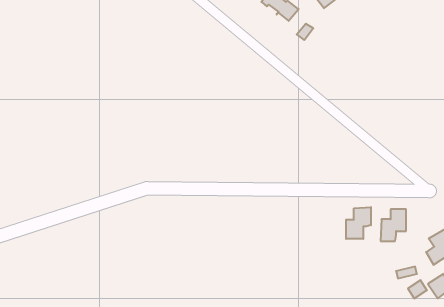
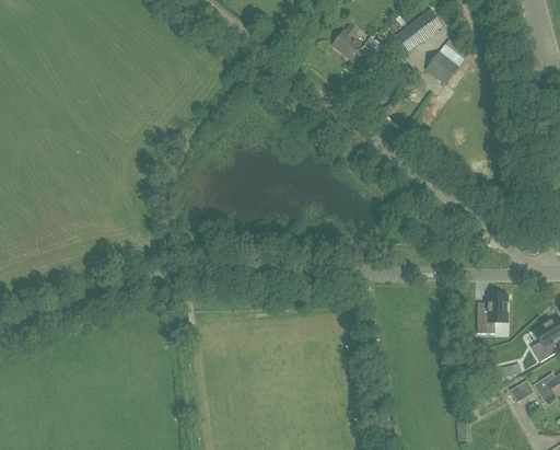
building: none -> [425,48,459,82]
building: [346,207,371,239] -> none

